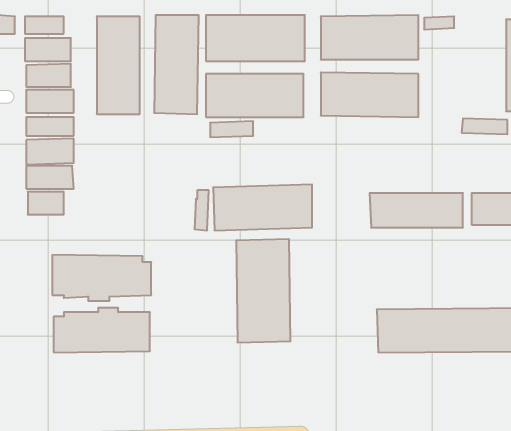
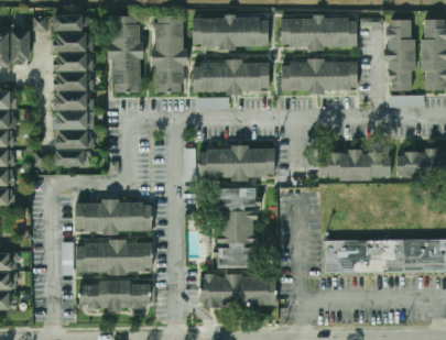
building: none -> [387,20,413,90]
building: none -> [199,274,275,308]
building: none -> [78,281,151,308]

